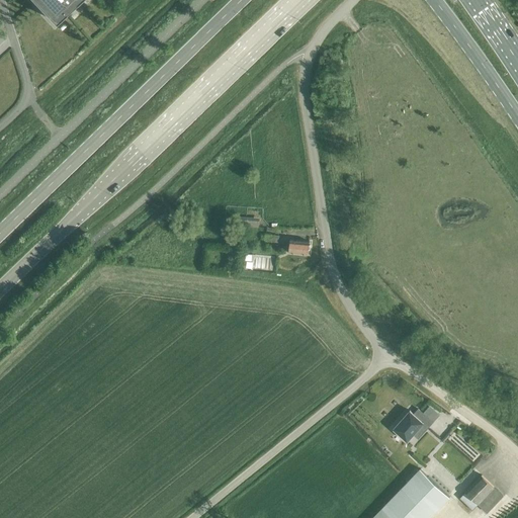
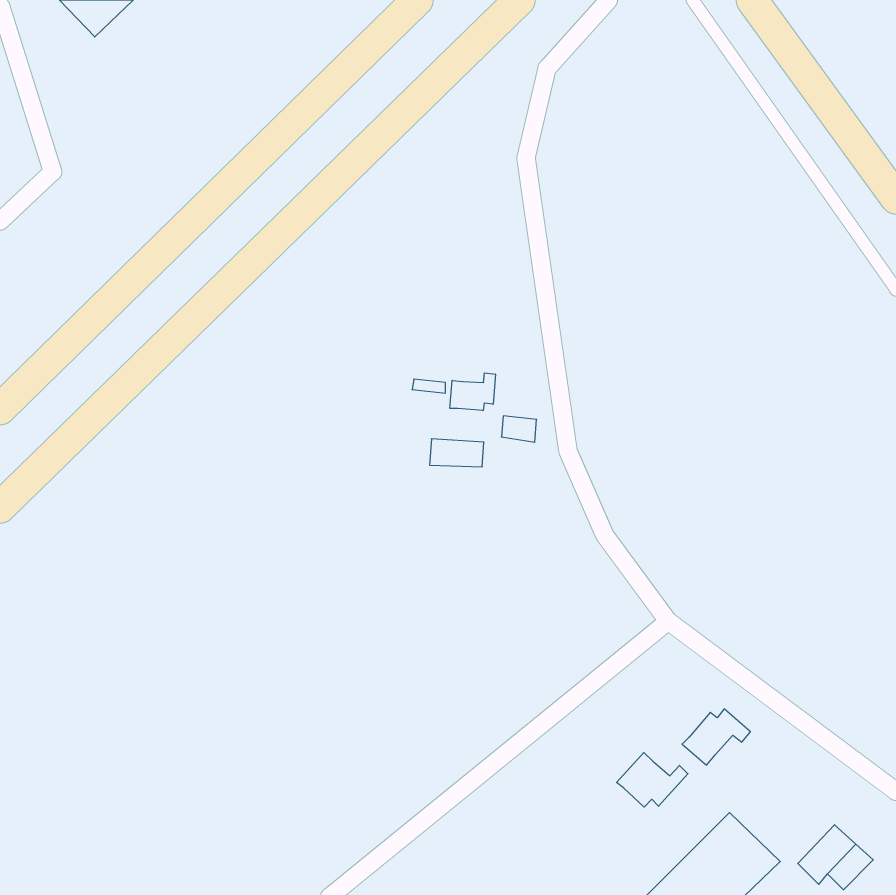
building: none -> [450,373,495,411]
building: none -> [617,753,688,807]

